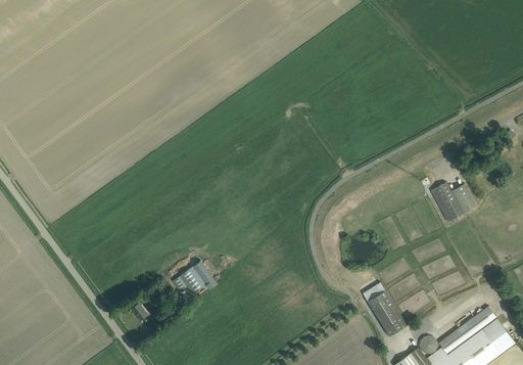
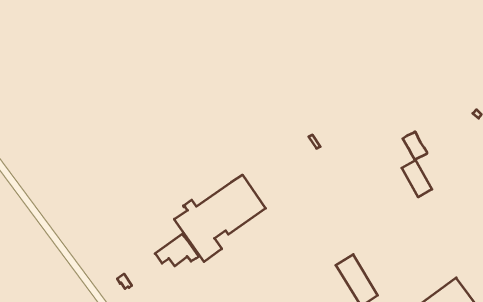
building: [450,184,476,214] -> [403,132,427,160]
building: none -> [174,175,266,262]

